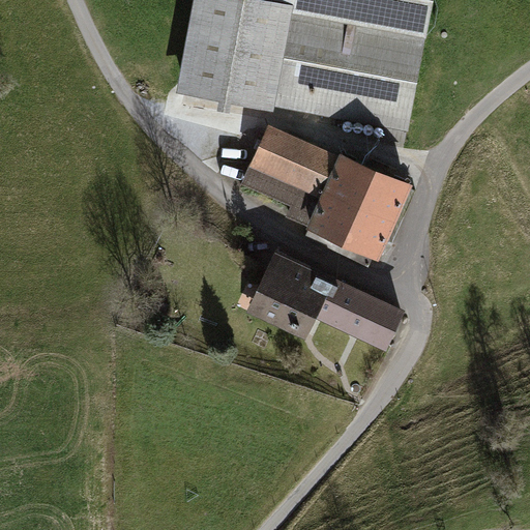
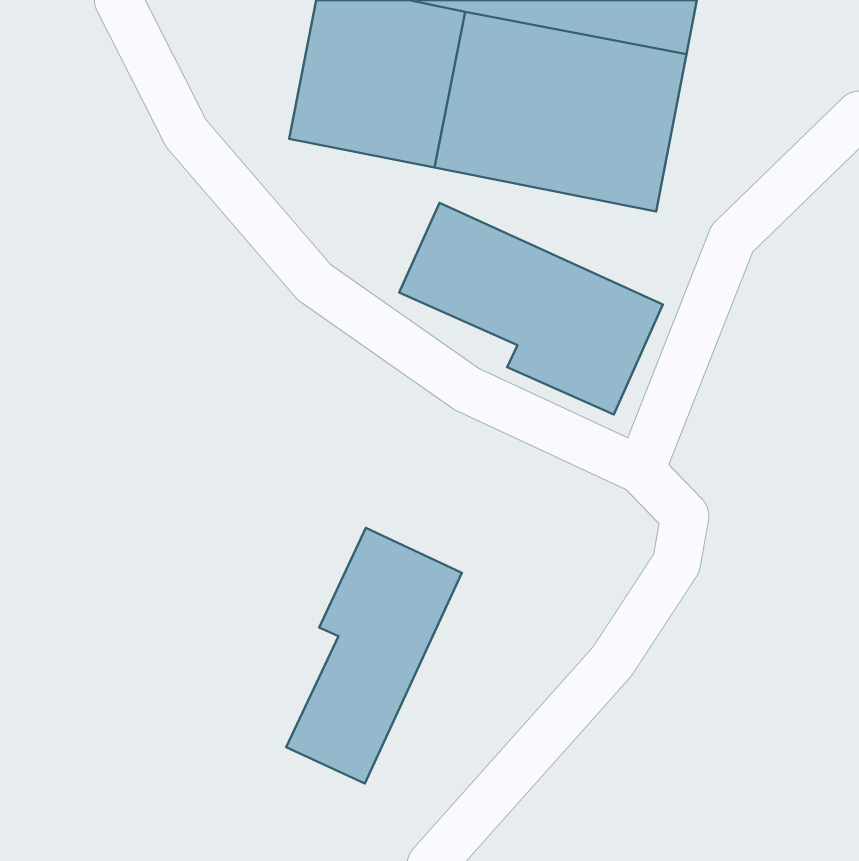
building: [245,247,403,347] -> none
building: none -> [286,528,462,783]

